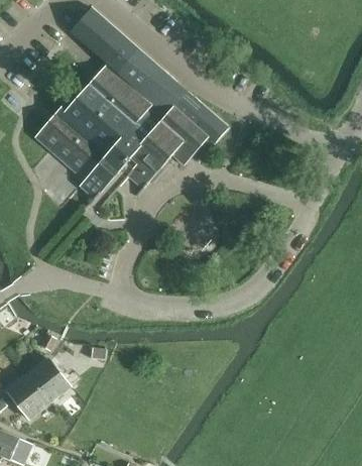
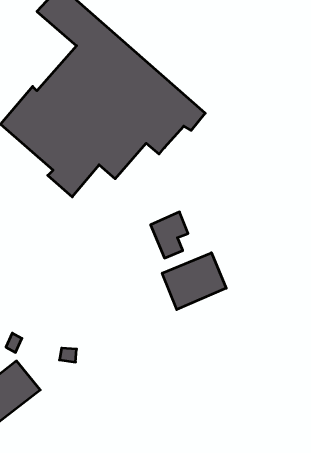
building: none -> [162,253,226,310]

